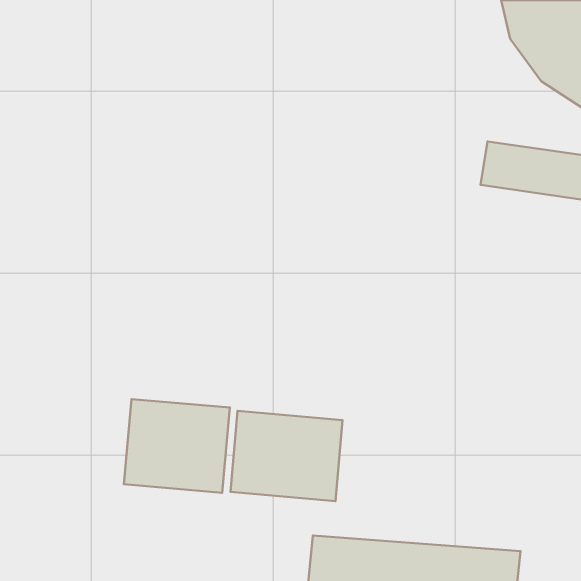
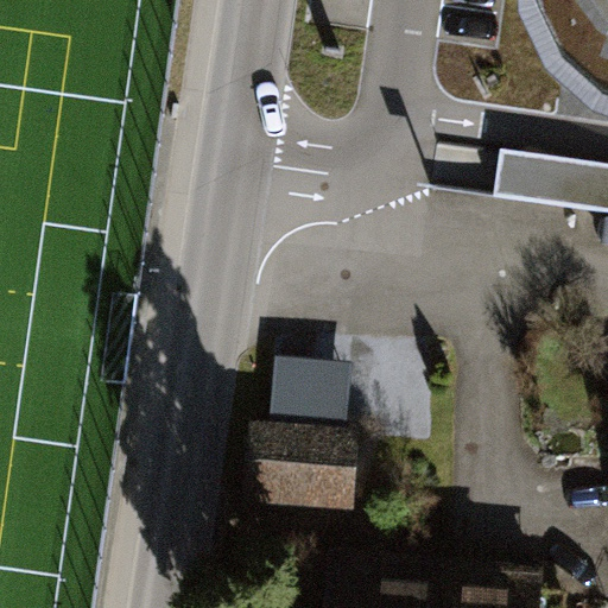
building: none -> [274,355,362,429]
building: [124,399,230,493] -> none

